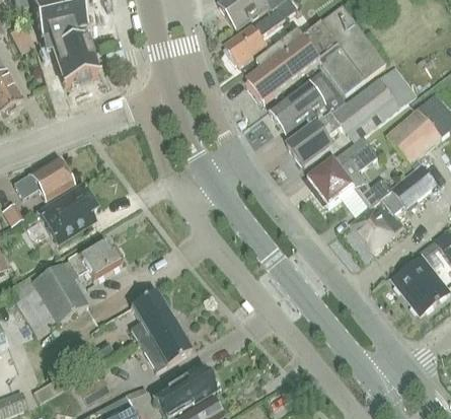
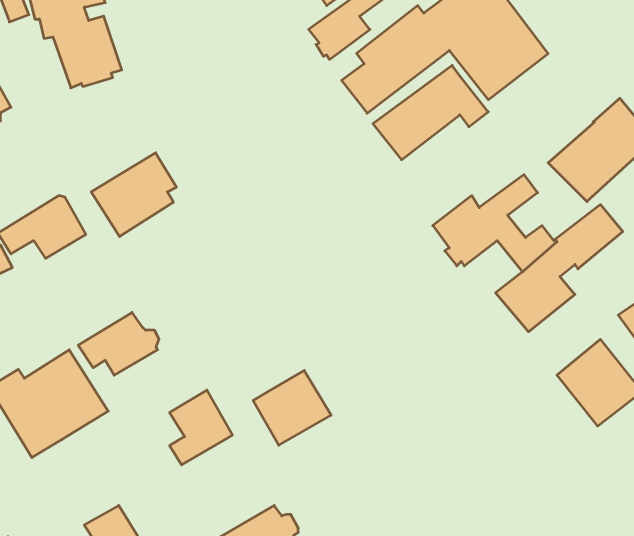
building: [288,65,418,168] -> none
building: [39,186,96,242] -> [91,153,176,237]
building: [139,321,192,371] -> [253,370,331,445]

